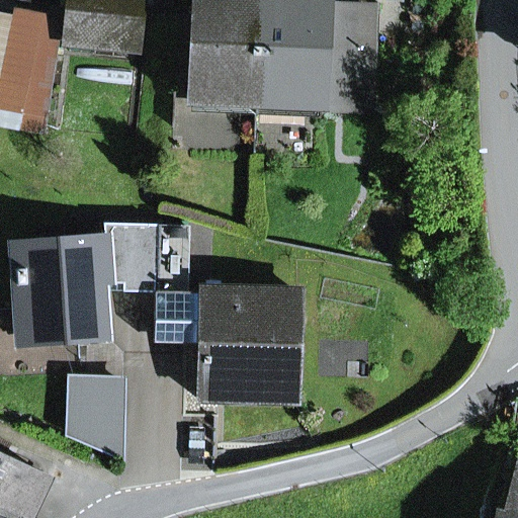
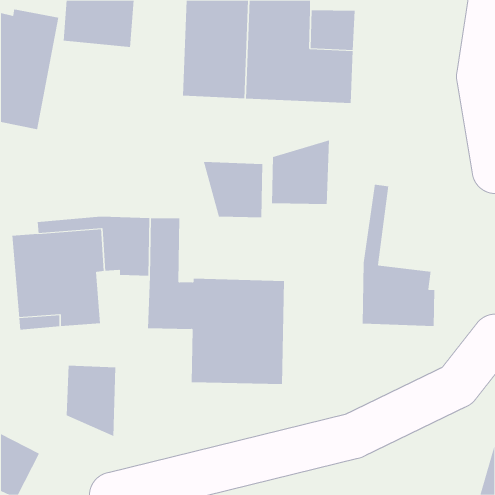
building: none -> [271,140,329,205]
building: none -> [203,161,263,218]
building: none -> [362,184,435,327]

